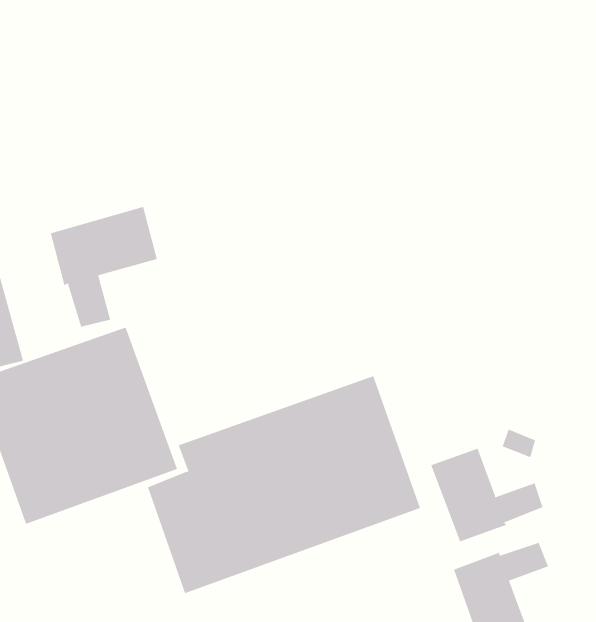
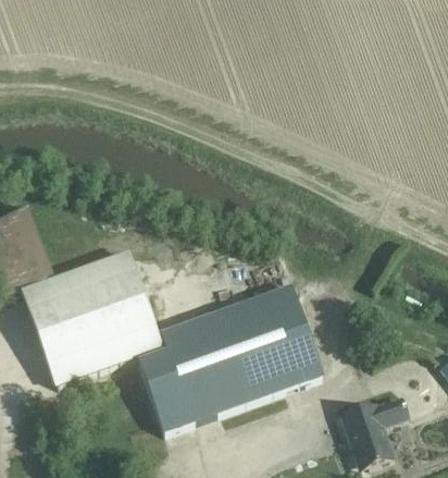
building: [50,206,158,327] -> none
building: [430,448,543,542] -> none

